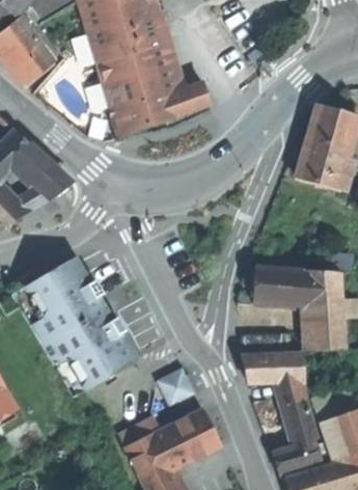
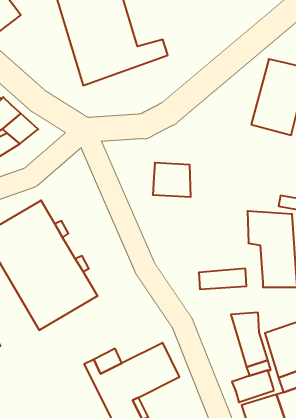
building: [254,267,295,303] -> [153,163,191,197]
building: [243,352,305,380] -> none
building: [157,366,195,405] -> none

